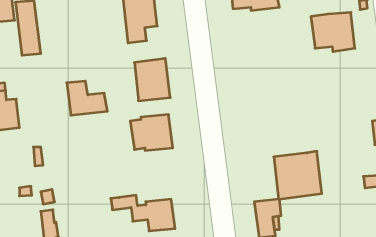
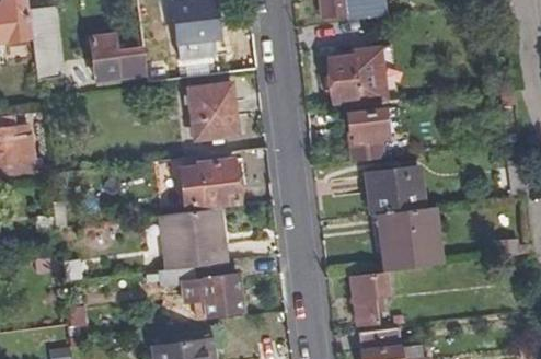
building: [311,12,355,52] -> [327,53,387,105]
building: none -> [347,107,389,161]
building: [67,81,107,115] -> [91,33,146,79]
building: none -> [367,170,422,216]
building: none -> [162,208,227,269]

